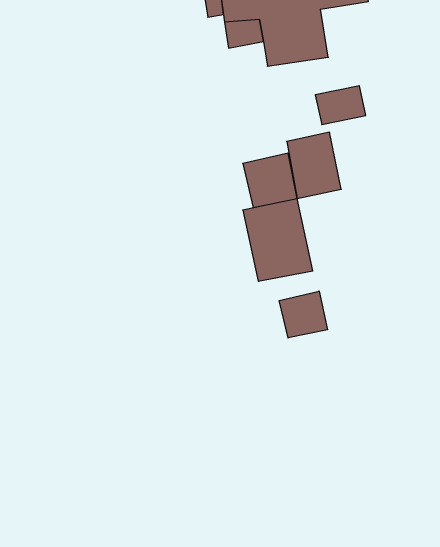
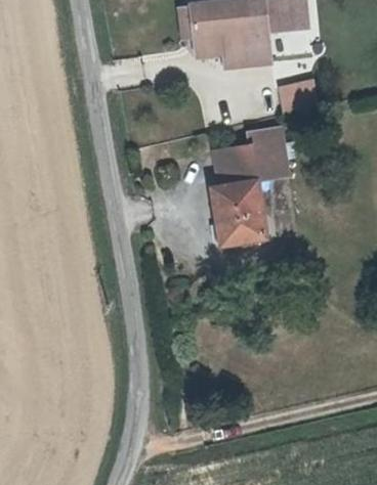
building: [279,291,327,338] -> none

